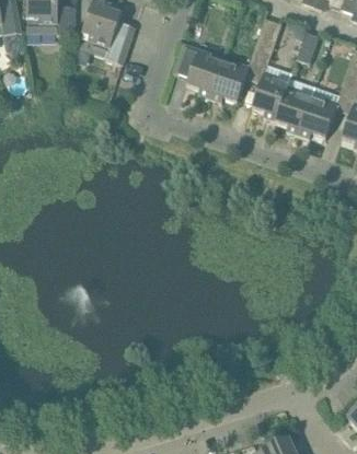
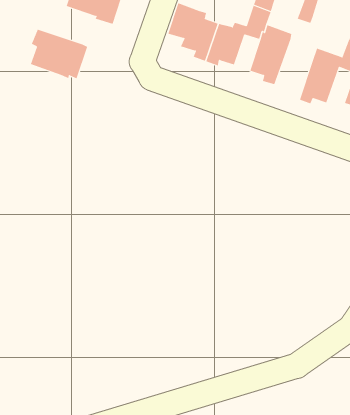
building: none -> [30,29,88,79]
building: [275,78,314,135] -> none

